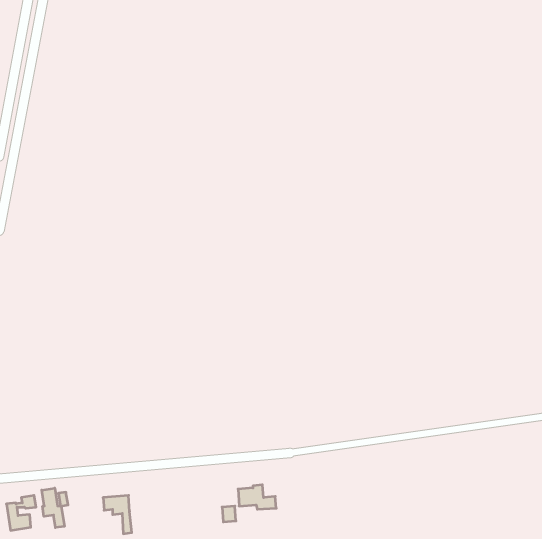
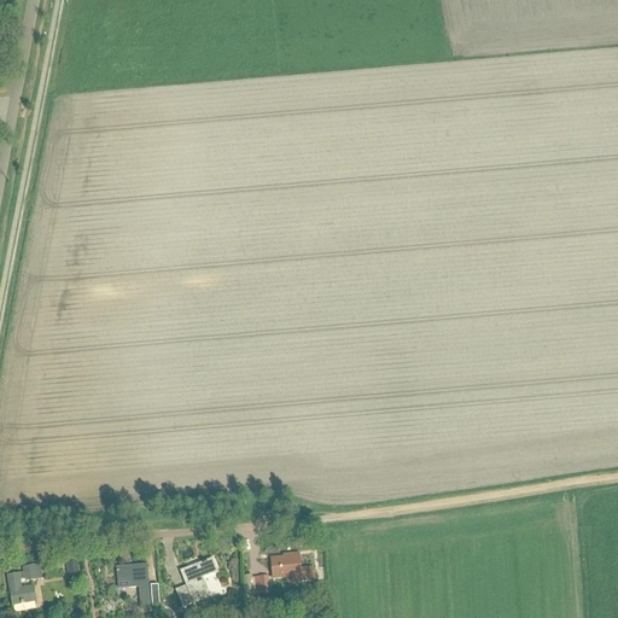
building: [42,488,64,528] -> none
building: none -> [174,556,217,604]

